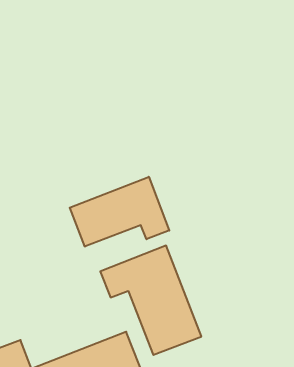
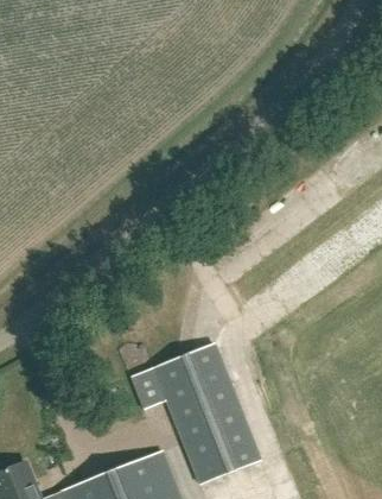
building: [70,177,169,247] -> none

